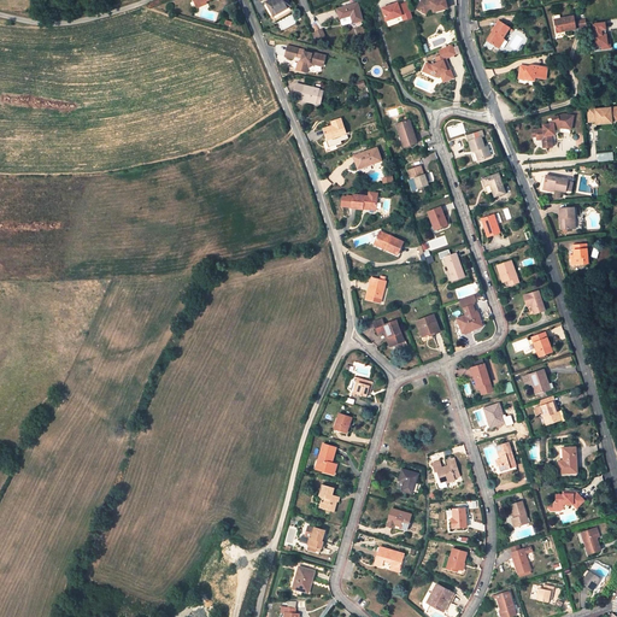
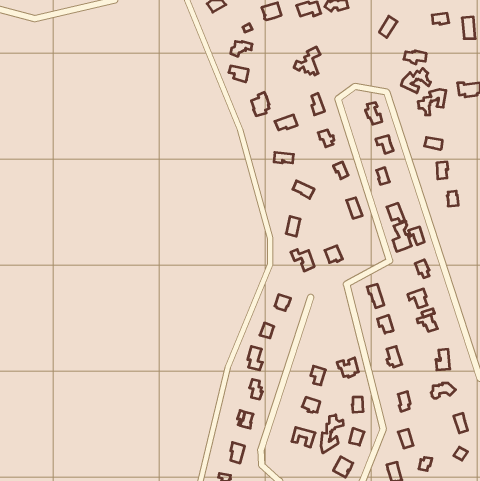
building: [421,45,454,81] -> [294,47,320,75]
building: none -> [401,68,431,93]
building: [457,294,481,333] -> [393,221,412,251]
building: none -> [321,415,343,453]

